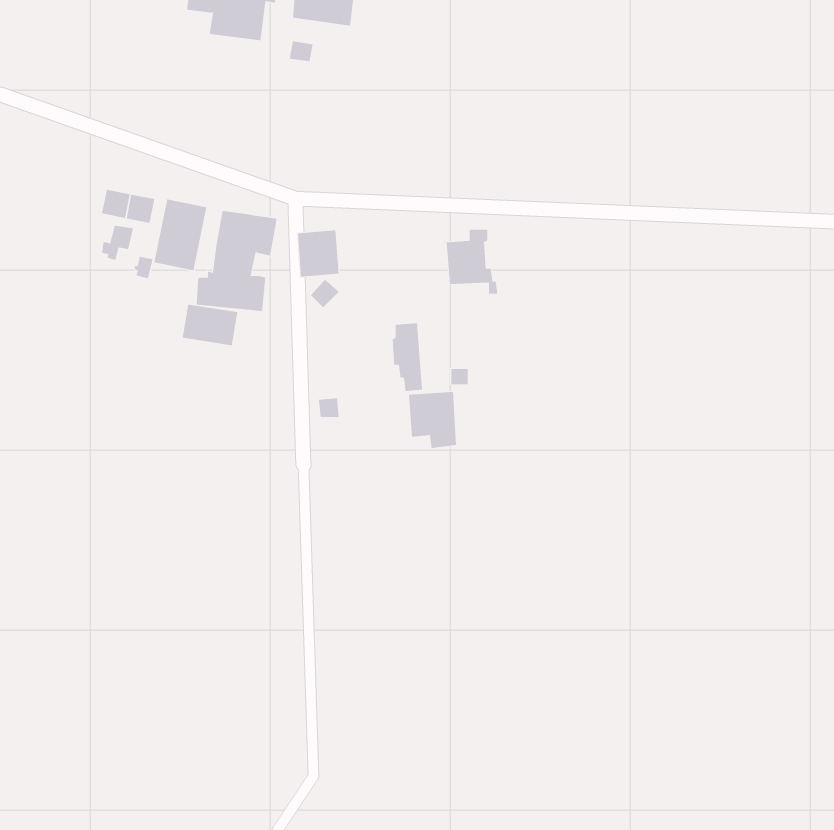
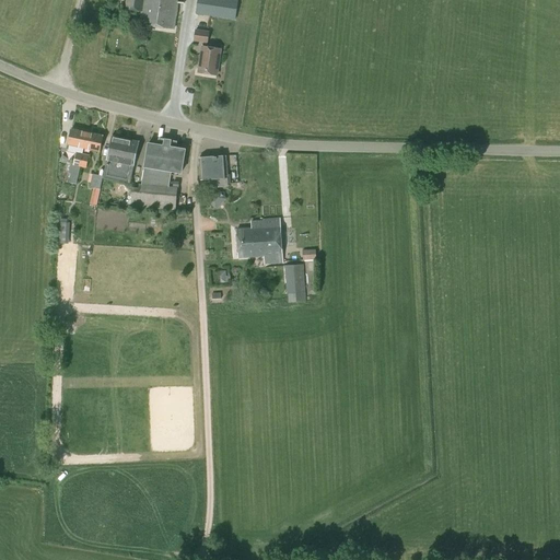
building: none -> [198,44,221,73]
building: [446,229,498,294] -> [236,219,271,262]
building: [182,304,238,346] -> none

